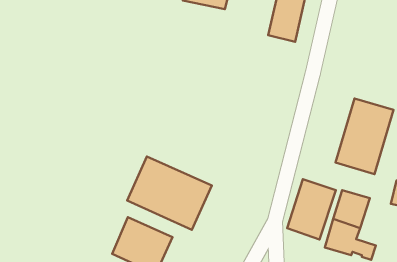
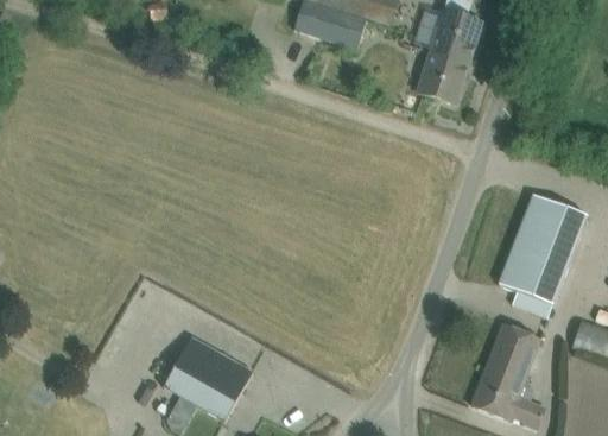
building: [127,157,212,230] -> none
building: [287,179,336,240] -> none

